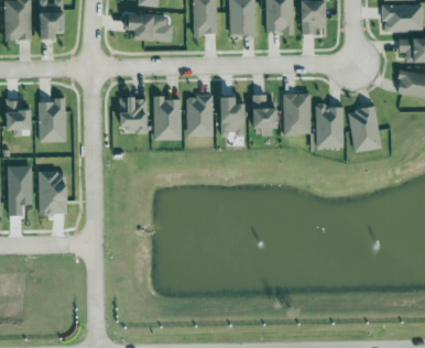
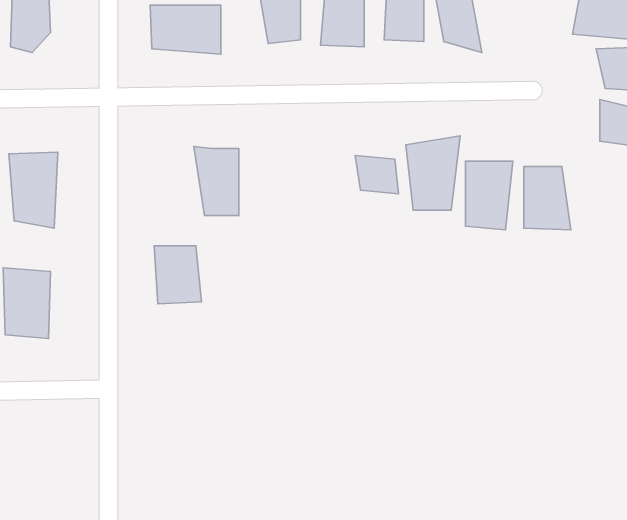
building: [218,91,242,138] -> none
building: [187,94,211,135] -> none
building: [119,98,148,133] -> [154,246,201,304]

